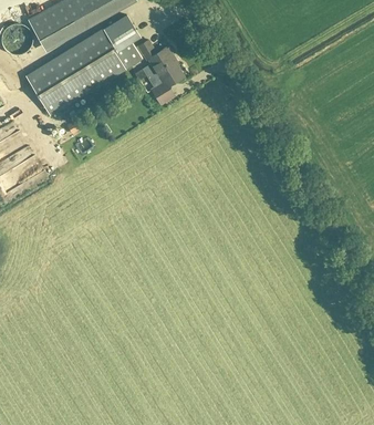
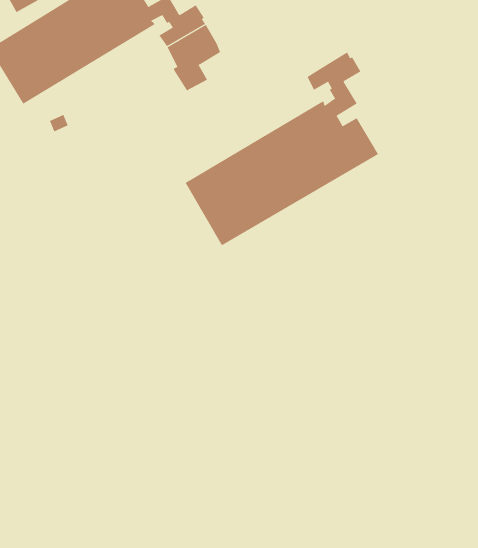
building: none -> [185,52,379,246]

